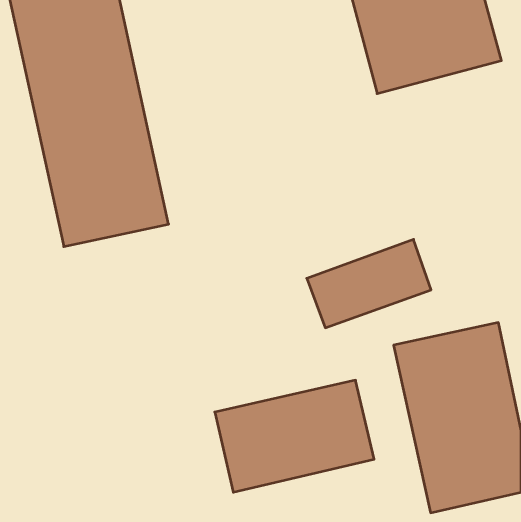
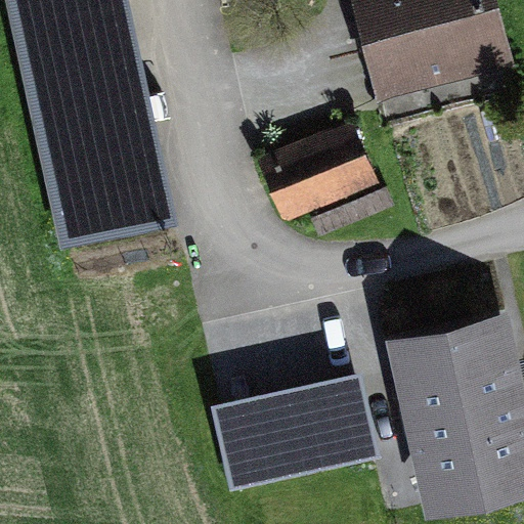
building: [307,239,431,328] -> [262,129,386,217]

